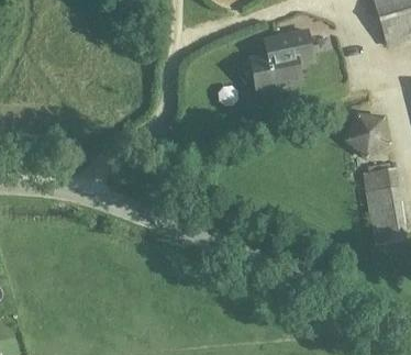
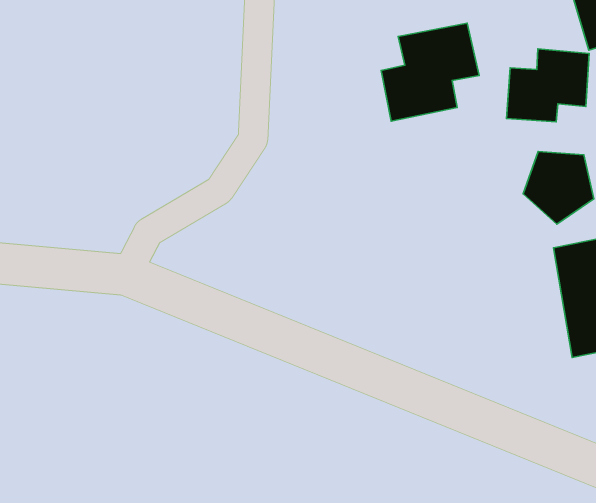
building: none -> [507,49,589,122]

